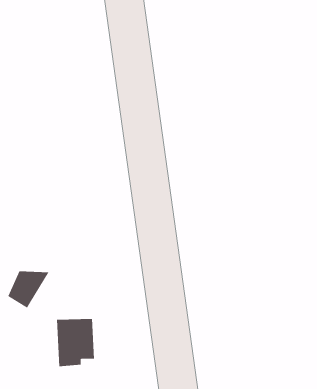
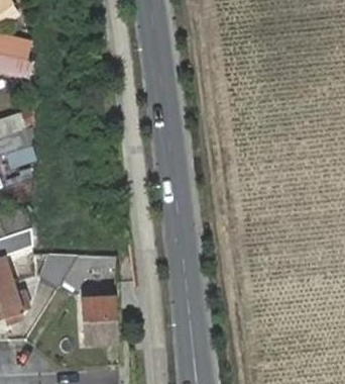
building: none -> [61,254,116,290]

